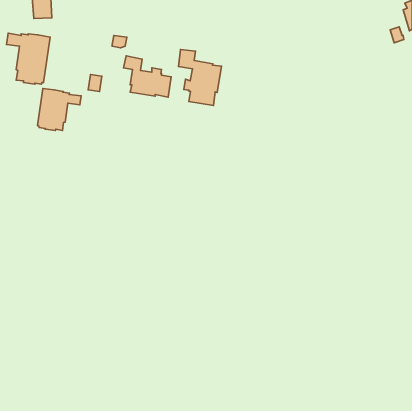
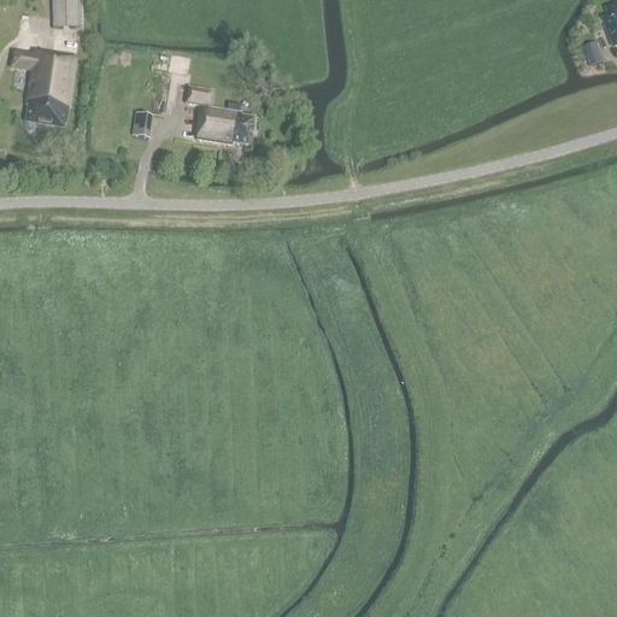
building: [179,49,221,106] -> none
building: [38,89,81,131] -> none

